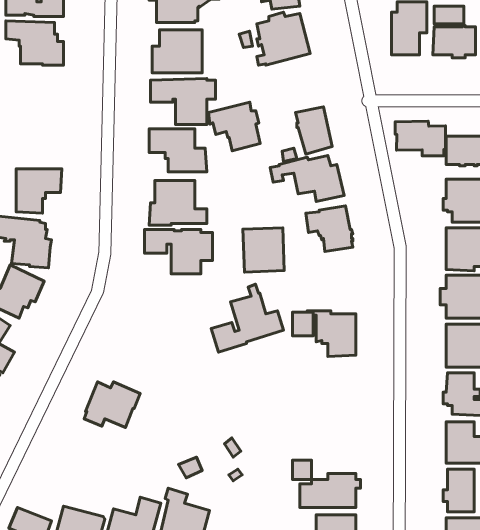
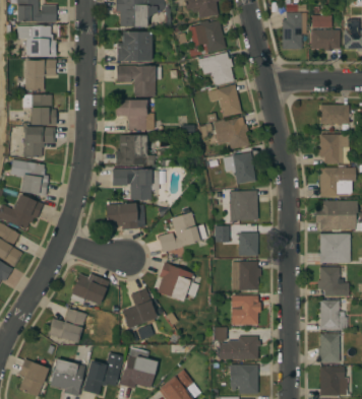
building: none -> [17,59,56,90]
building: [208,102,260,151] -> [198,52,234,85]
building: [395,121,445,156] -> none
building: none -> [21,94,56,125]
building: [243,228,284,272] -> [229,190,257,220]
building: none -> [106,199,137,229]
building: none -> [232,261,261,290]
building: none -> [157,262,199,302]
building: none -> [122,288,157,328]
building: none -> [231,295,260,325]
building: none -> [47,308,86,342]

